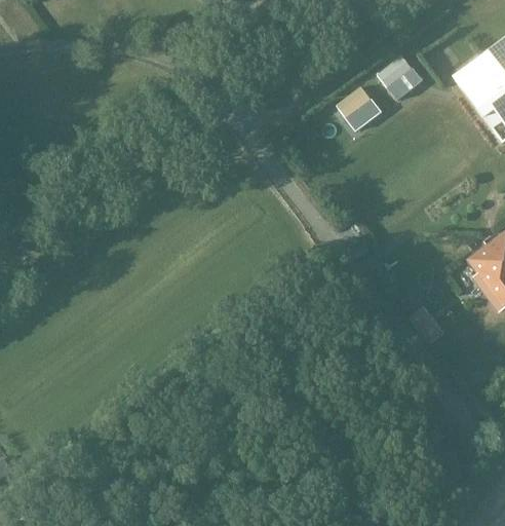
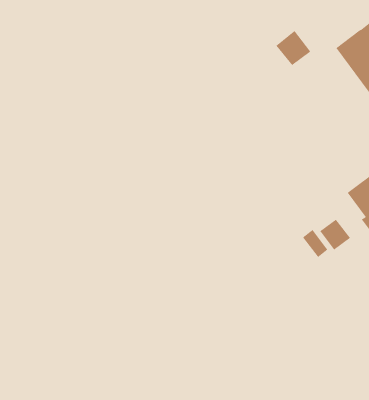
building: [336,86,381,132] -> none
building: none -> [320,219,351,251]

